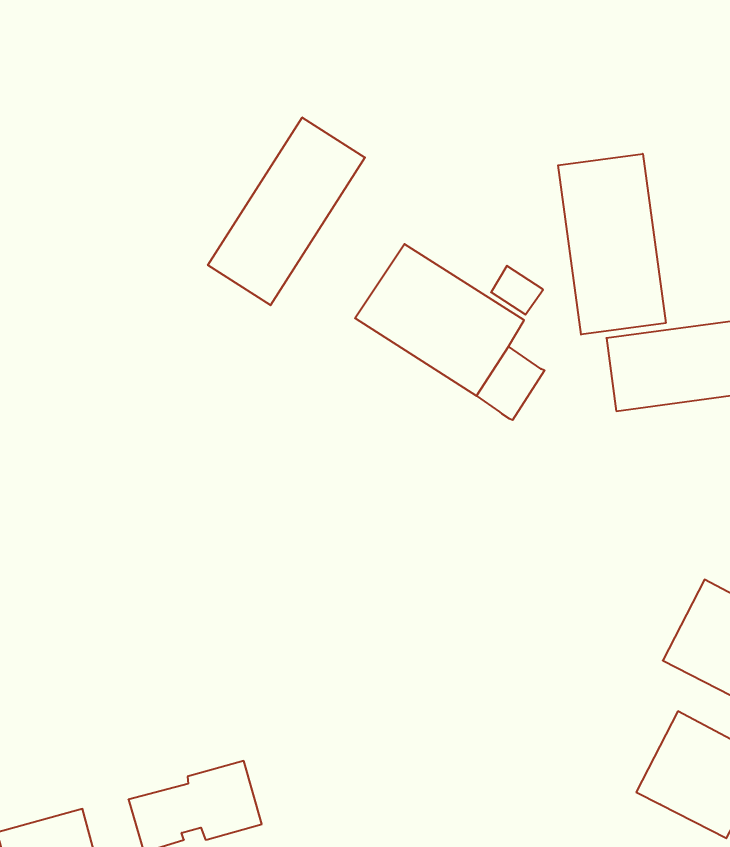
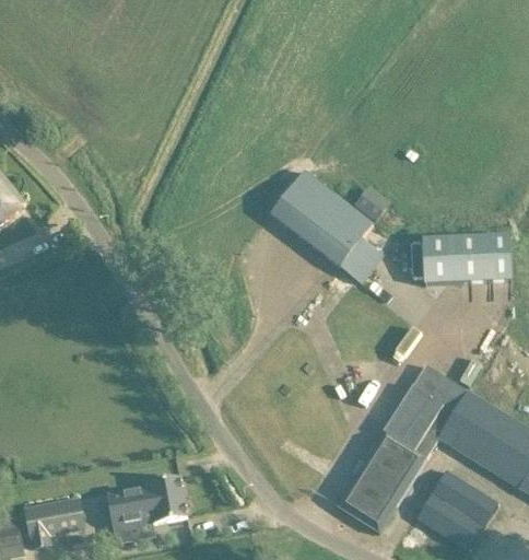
building: [208,117,365,305] -> none
building: [558,154,666,335] -> none
building: none -> [336,363,468,532]

